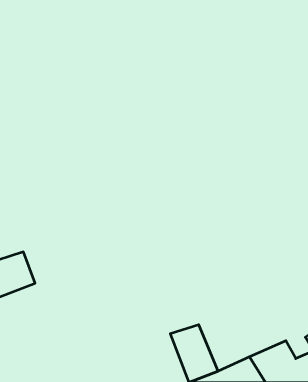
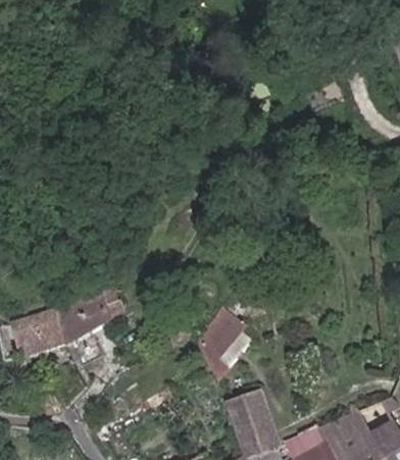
building: none -> [58,287,120,343]
building: none -> [198,307,243,378]

